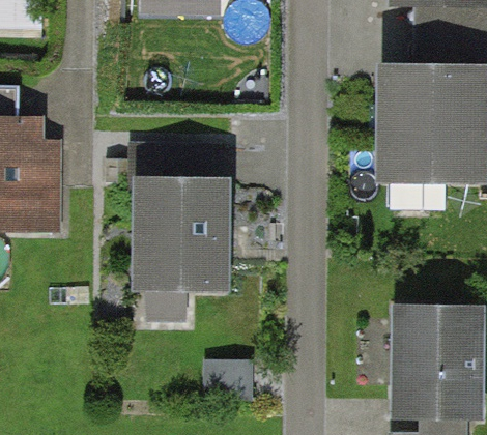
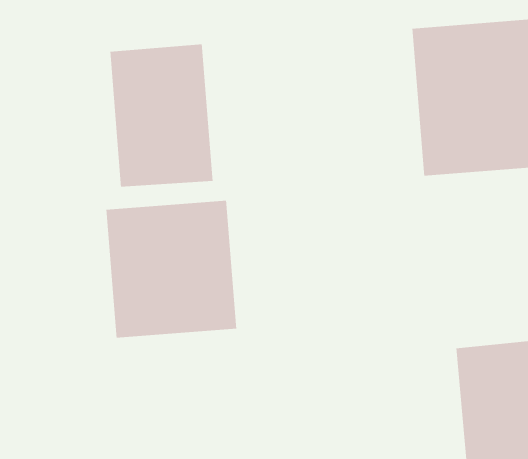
building: none -> [109,44,213,187]

